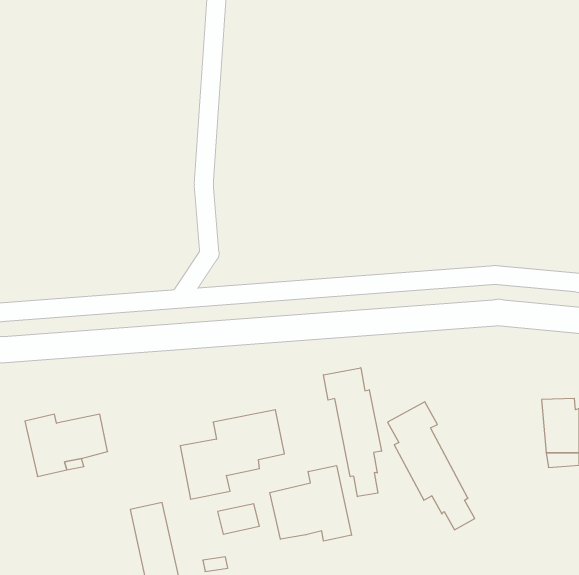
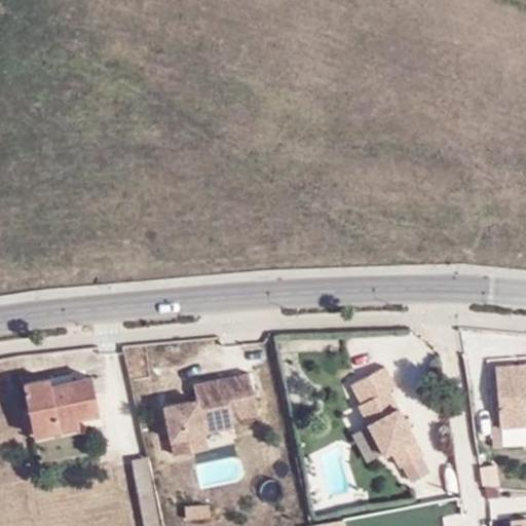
building: [323,368,382,497] -> none
building: [270,466,352,541] -> none

